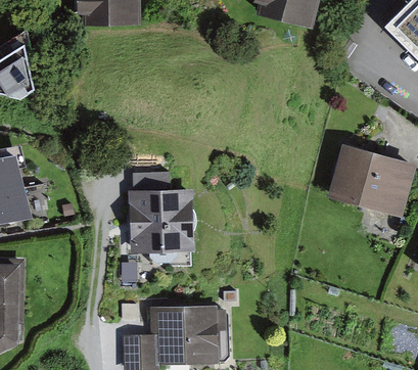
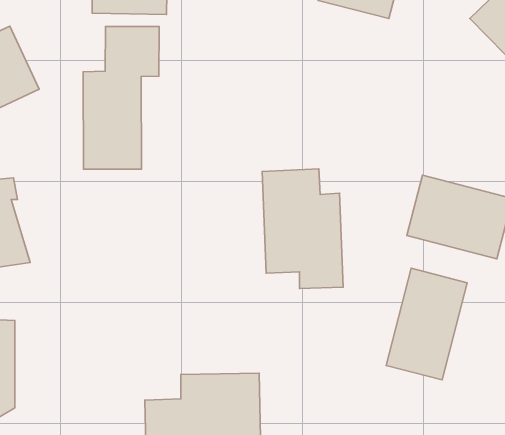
building: none -> [83,27,159,169]
building: [125,172,189,267] -> [262,169,343,288]
building: none -> [386,268,467,380]

